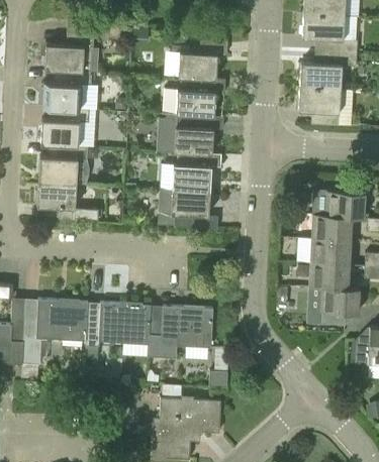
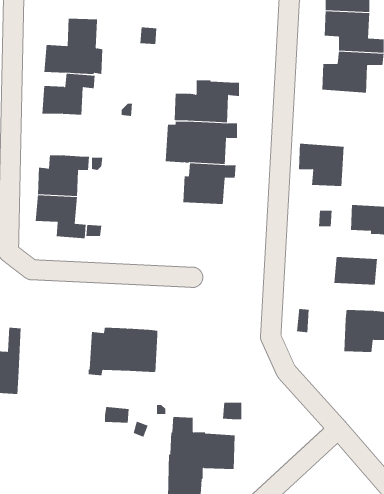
building: [178,40,226,79] -> none
building: [298,86,341,125] -> [298,143,344,186]
building: [40,108,89,146] -> none
building: [159,188,217,229] -> none
building: [312,214,352,240] -> none
building: [309,262,349,287] -> none
building: [21,300,88,365] -> none
building: [147,306,213,358] -> none

